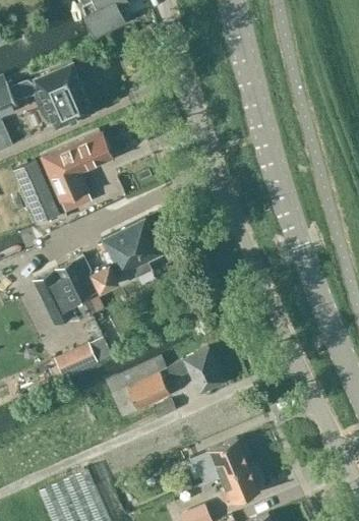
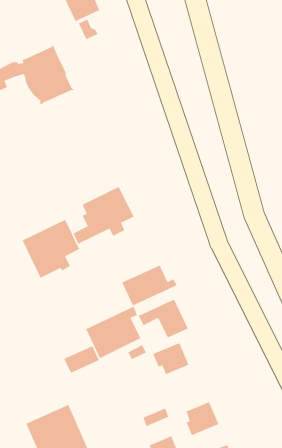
building: [41,131,114,204] -> none
building: [13,161,59,225] -> none
building: none -> [121,264,178,306]
building: [57,345,99,378] -> [63,345,100,374]
building: [204,439,247,476] -> [152,342,190,375]

